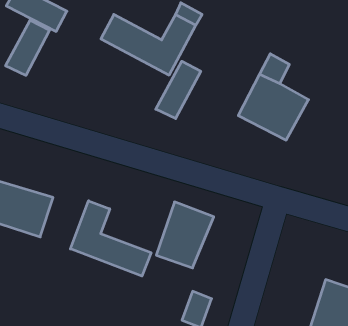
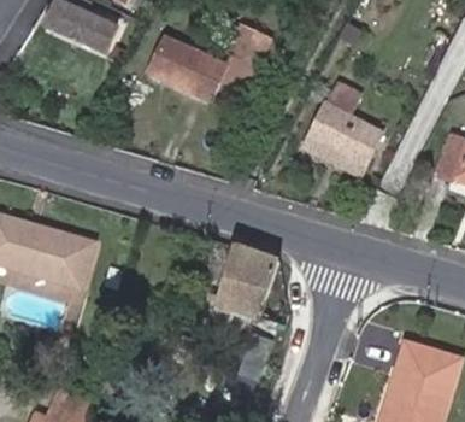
building: [6,20,50,75] -> none
building: [156,61,201,119] -> none
building: [70,201,151,276] -> none

